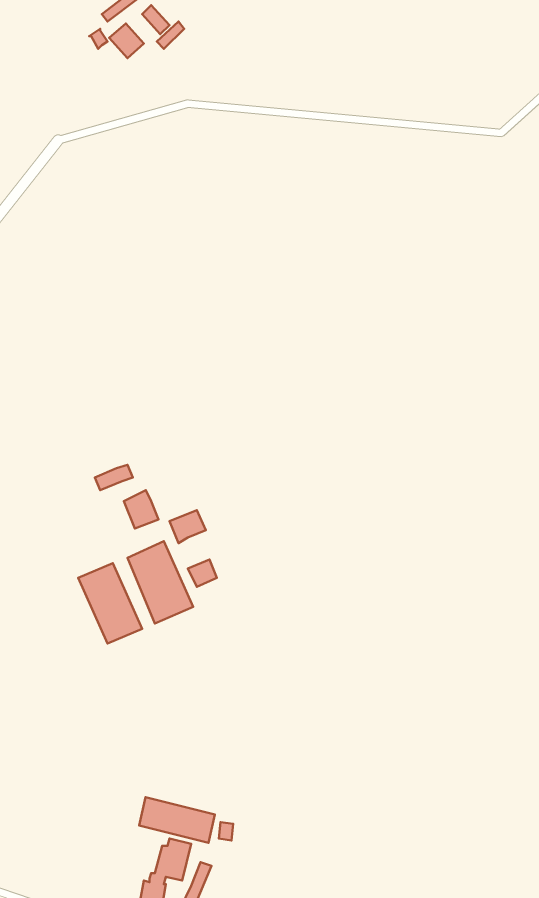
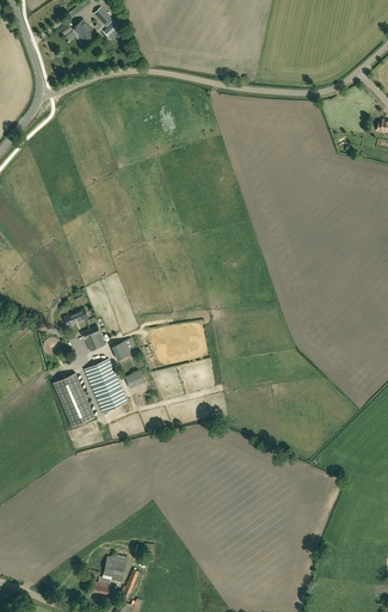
building: [139,797,215,843] -> none

